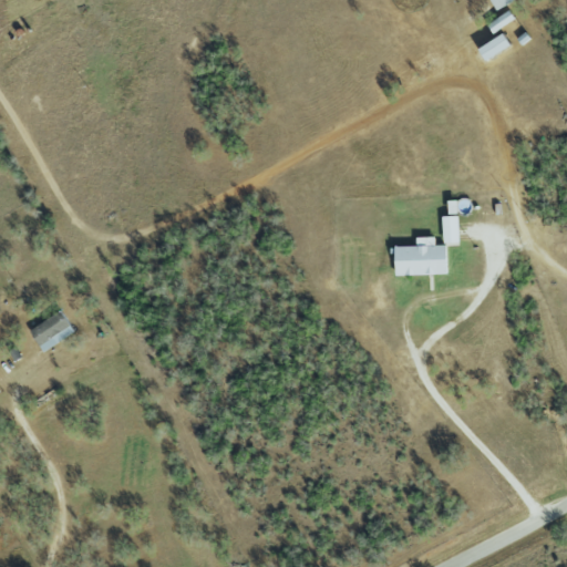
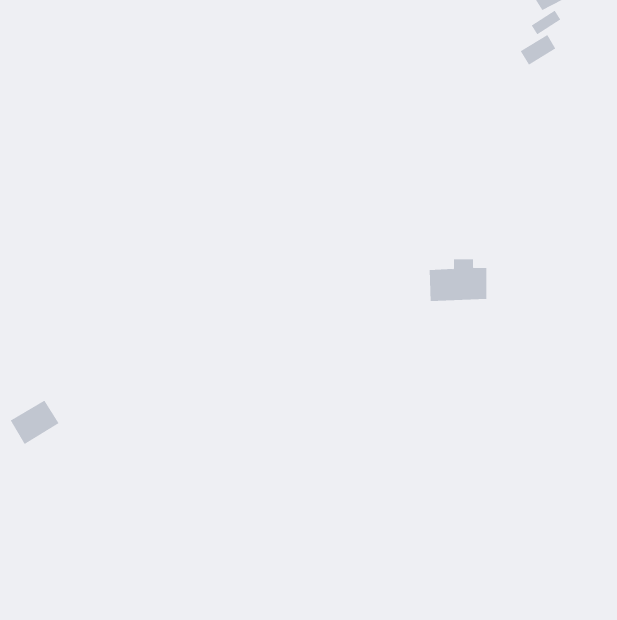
building: [442,214,460,243] -> none
building: [30,310,75,351] -> [10,400,60,445]

